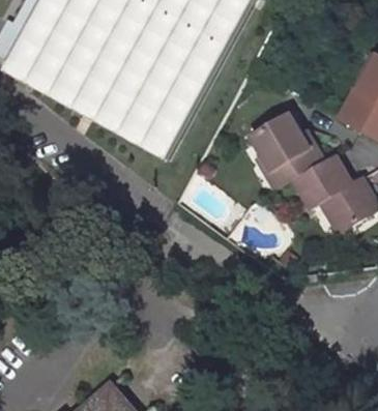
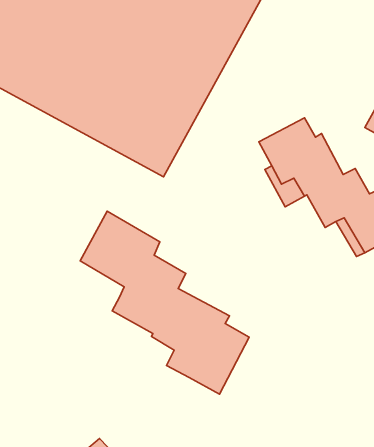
building: none -> [80,211,249,394]

